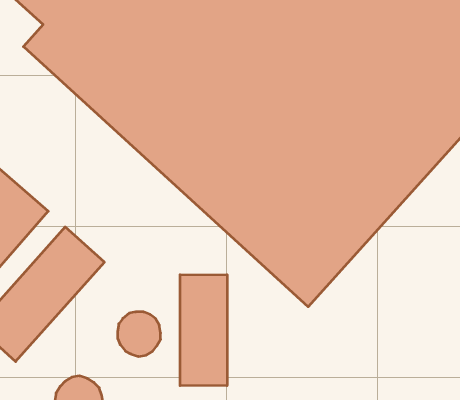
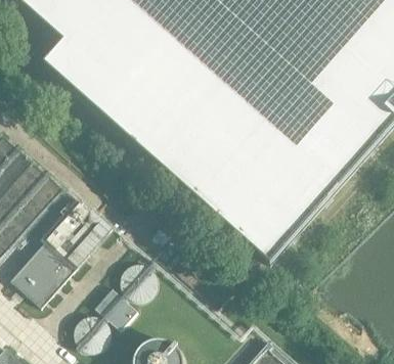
building: [180,275,227,386] -> none
building: none -> [93,287,136,329]

